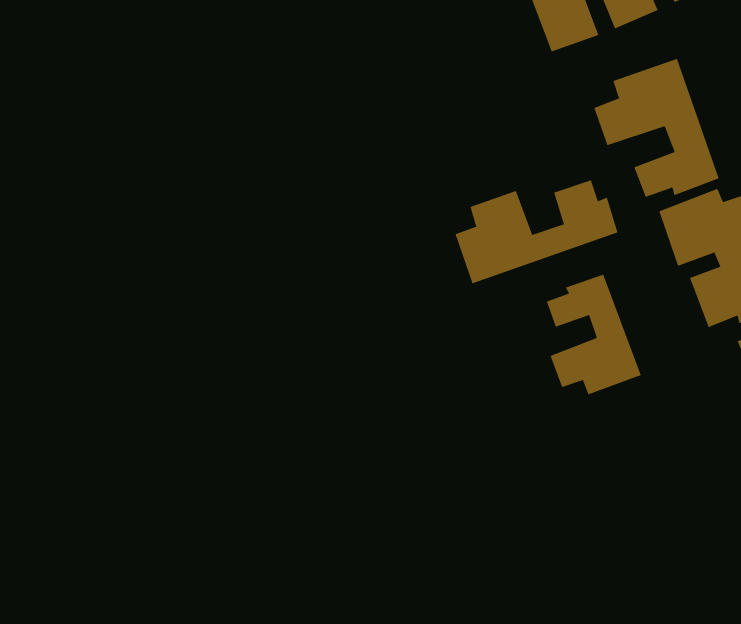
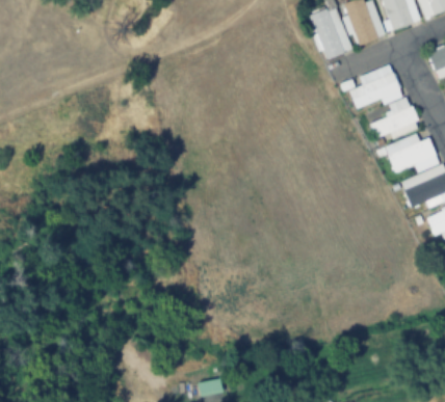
building: [455,180,618,284] -> none
building: [546,274,641,395] -> none

